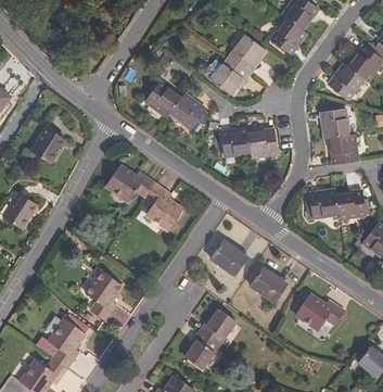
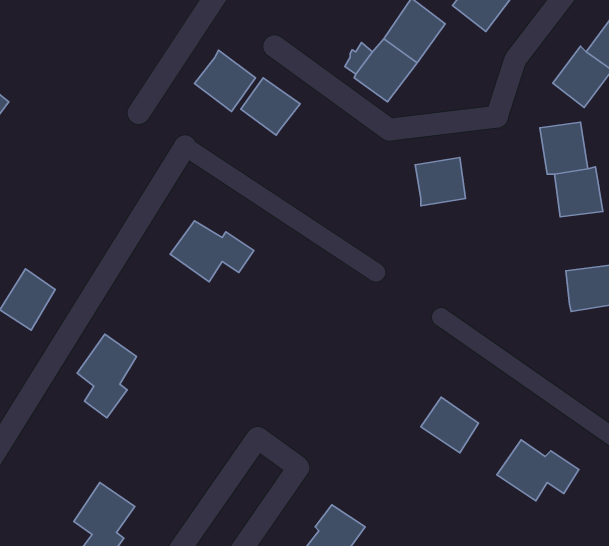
building: [168,92,204,128] -> [194,50,256,111]
building: [31,126,65,162] -> none
building: [220,128,251,155] -> none
building: [144,182,182,229] -> none
building: [308,190,337,217] -> none
building: [210,241,245,274] -> none
building: [86,270,120,319] -> [77,334,136,418]
building: [199,308,235,344] -> none

